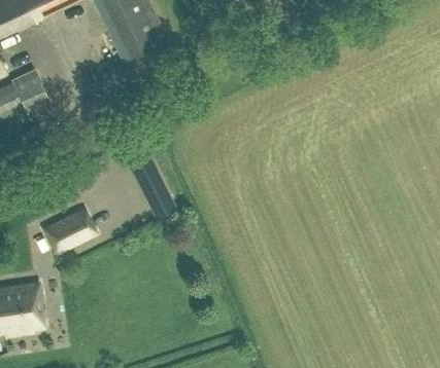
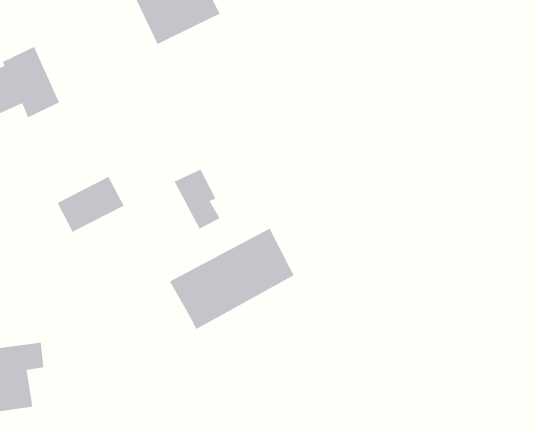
building: none -> [169,228,295,330]
building: [44,211,94,252] -> [57,176,124,233]

